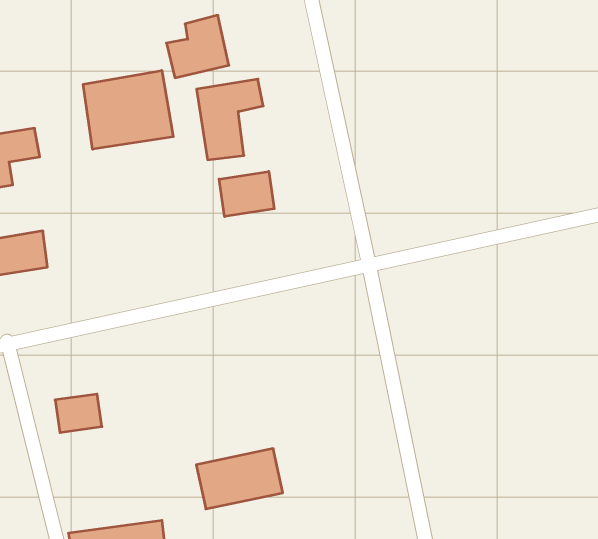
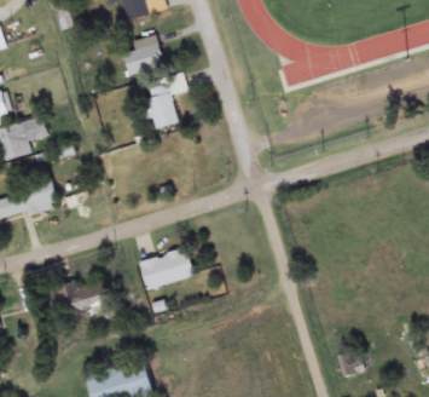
building: [83,70,173,149] -> none
building: [219,171,274,217] -> none
building: [196,449,283,509] -> [138,247,195,289]

